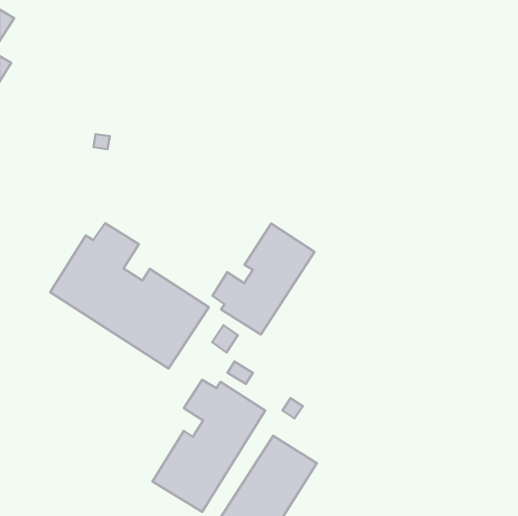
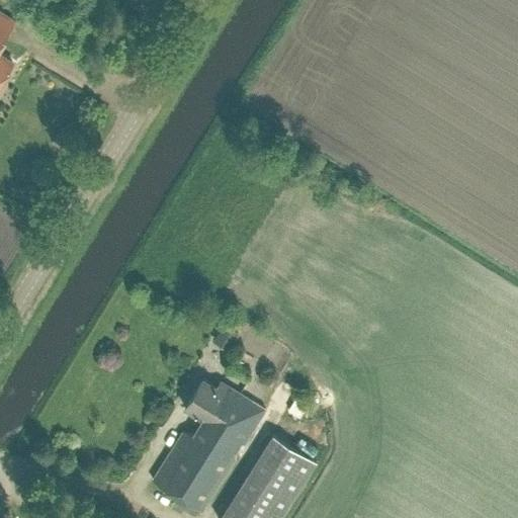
building: [50,223,209,369] -> none
building: [212,224,314,334] -> none

